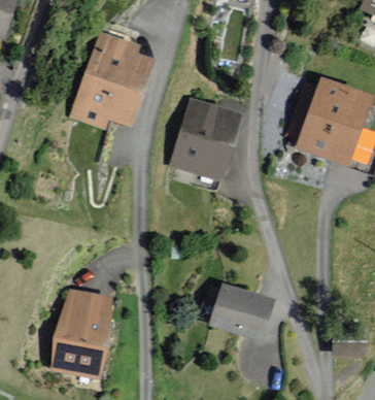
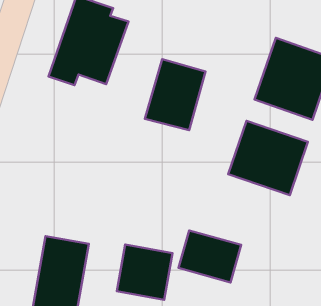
building: none -> [228,121,308,195]
building: none -> [117,245,172,300]

